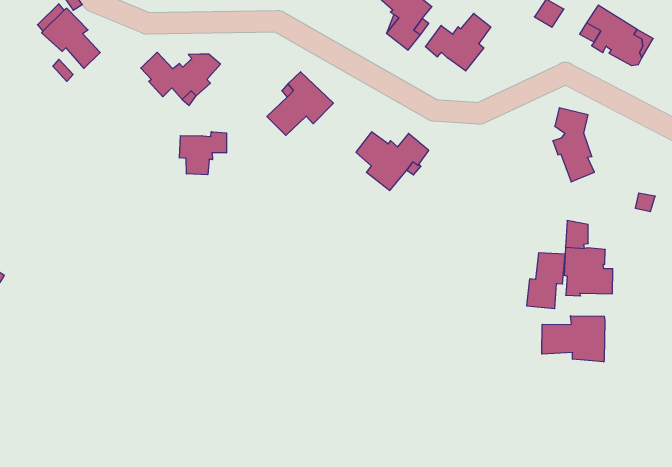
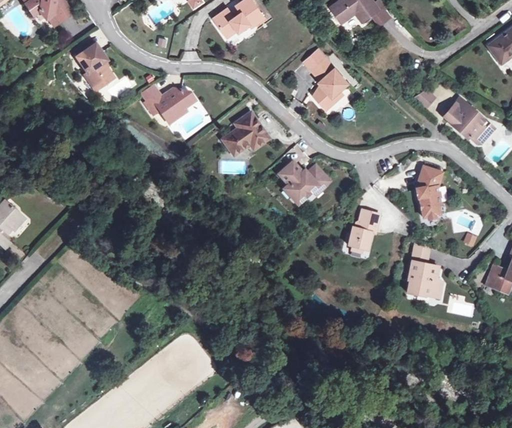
building: [425,13,491,71] -> none
building: [179,132,226,175] -> none
building: [527,253,565,309] -> [347,210,379,250]
building: [542,316,605,362] -> none

